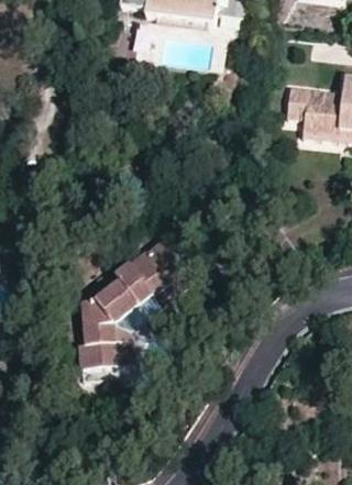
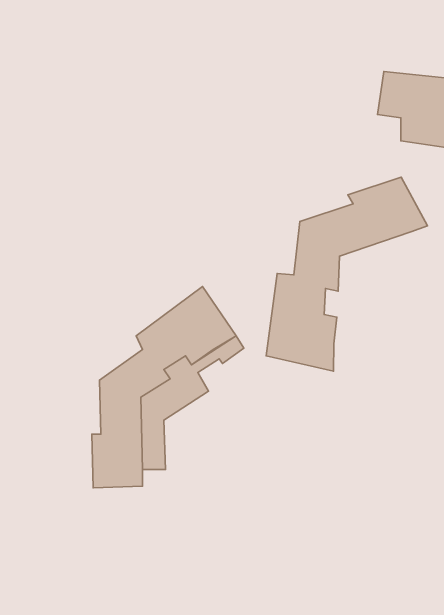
building: none -> [266,177,427,371]

